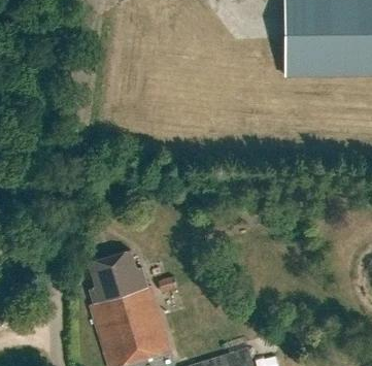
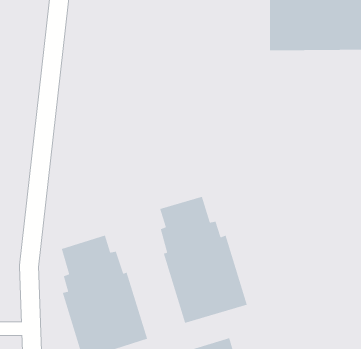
building: none -> [159,196,248,324]

